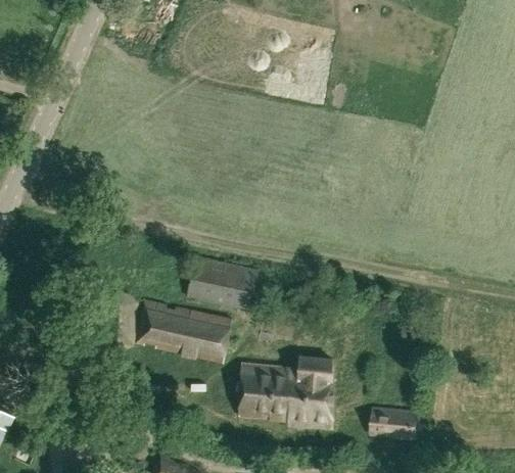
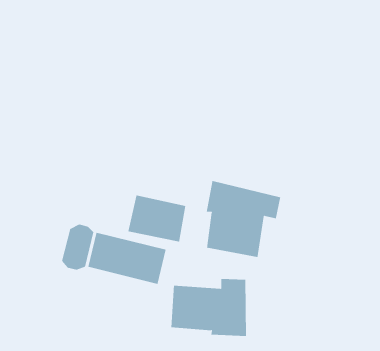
building: none -> [206,180,281,258]
building: [367,407,419,441] -> none

